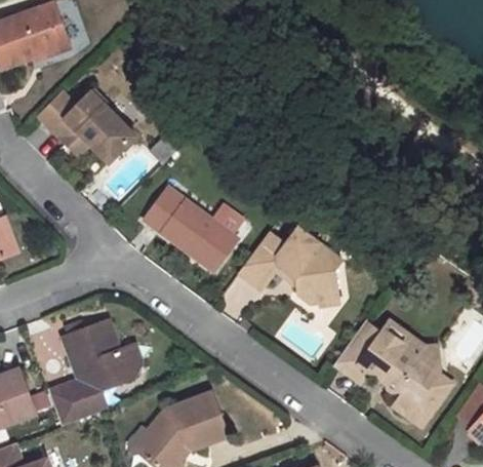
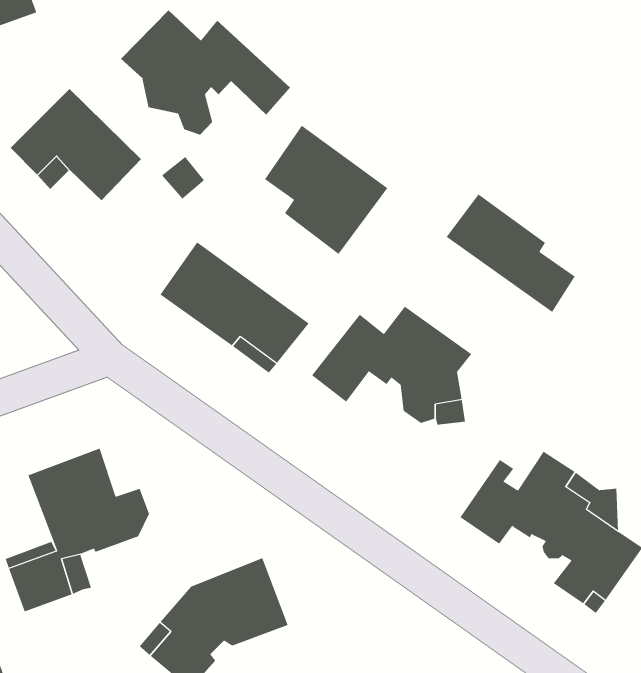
building: none -> [120,9,291,135]
building: none -> [264,125,388,255]
building: none -> [446,193,575,313]

